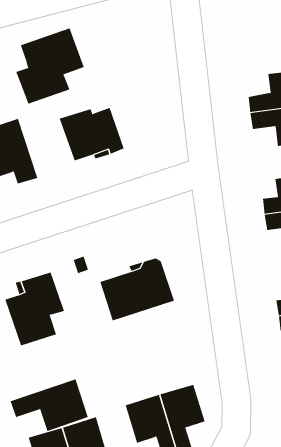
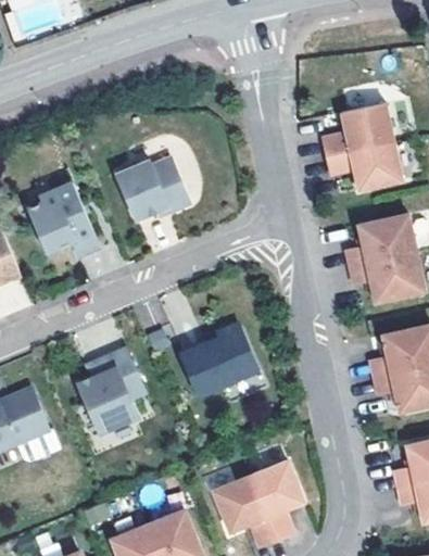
building: [16,28,84,104] -> none
building: [10,378,89,432] -> none

